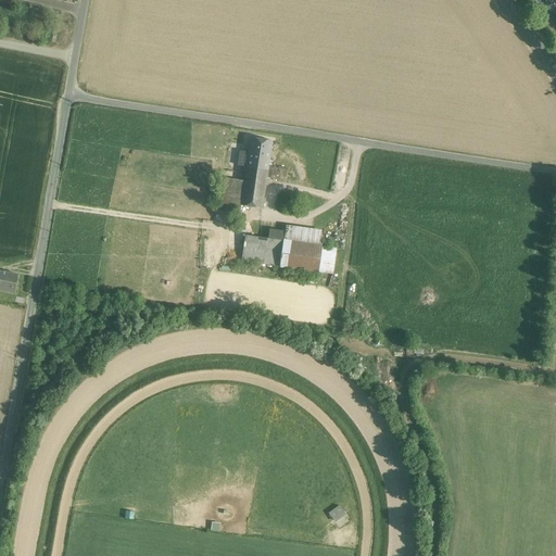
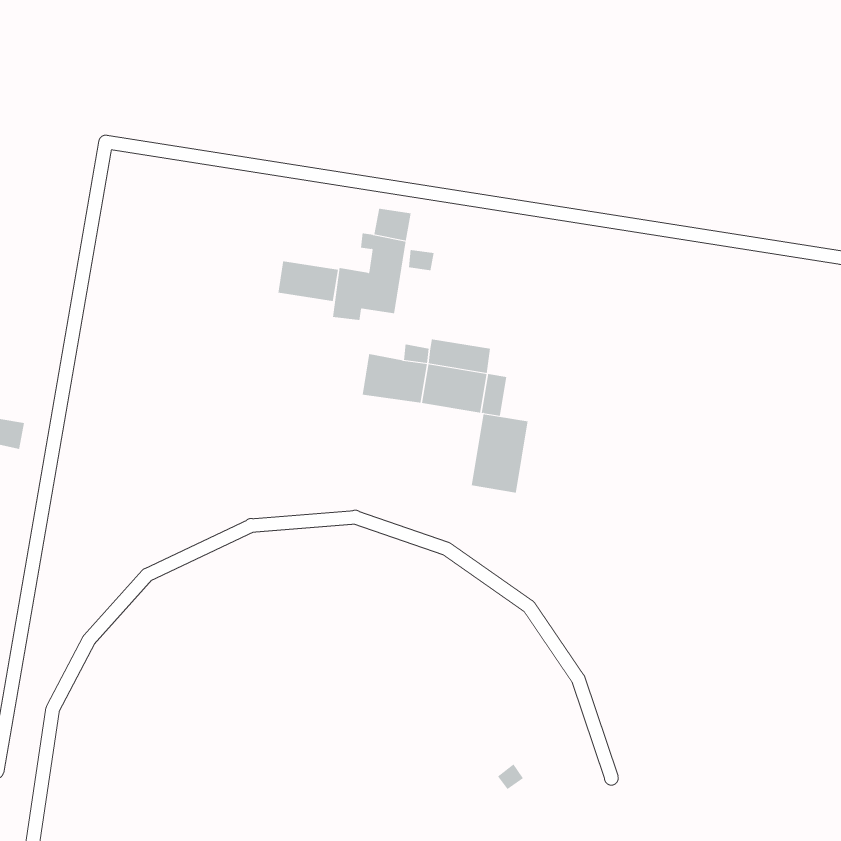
building: none -> [278,260,338,302]
building: none -> [471,413,528,493]

